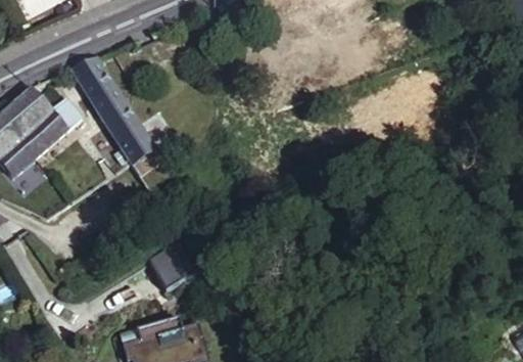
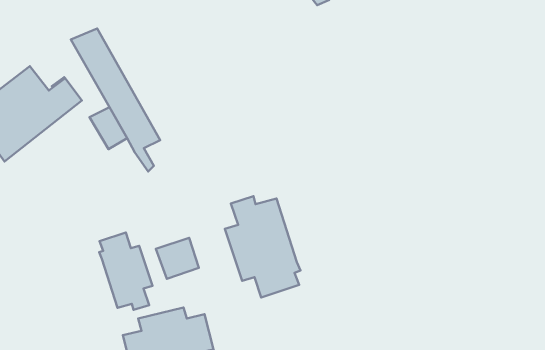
building: none -> [225,196,300,298]
building: none -> [99,233,153,310]

